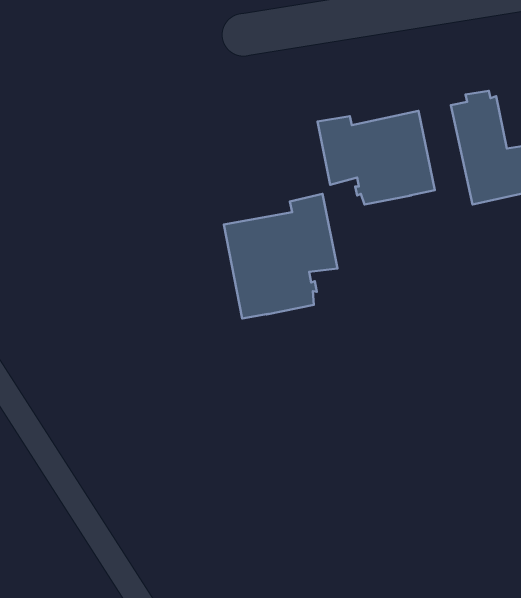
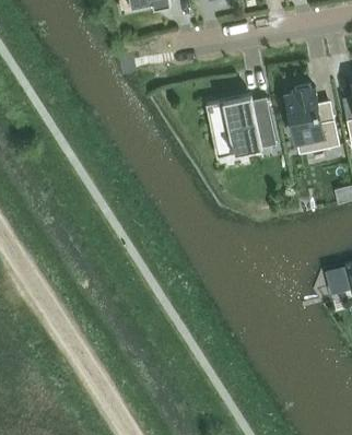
building: [224,194,337,319] -> none

